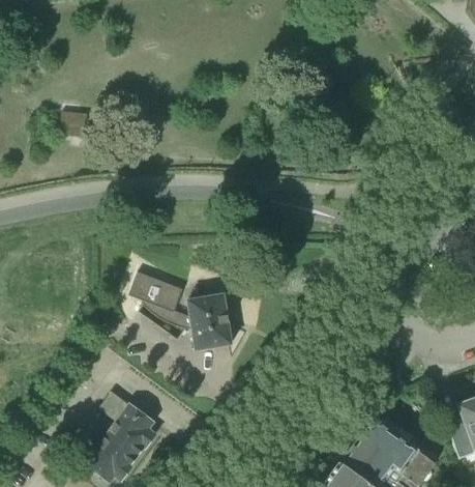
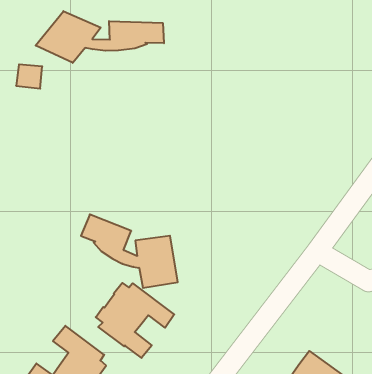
building: none -> [36,11,164,63]
building: none -> [96,283,174,358]

